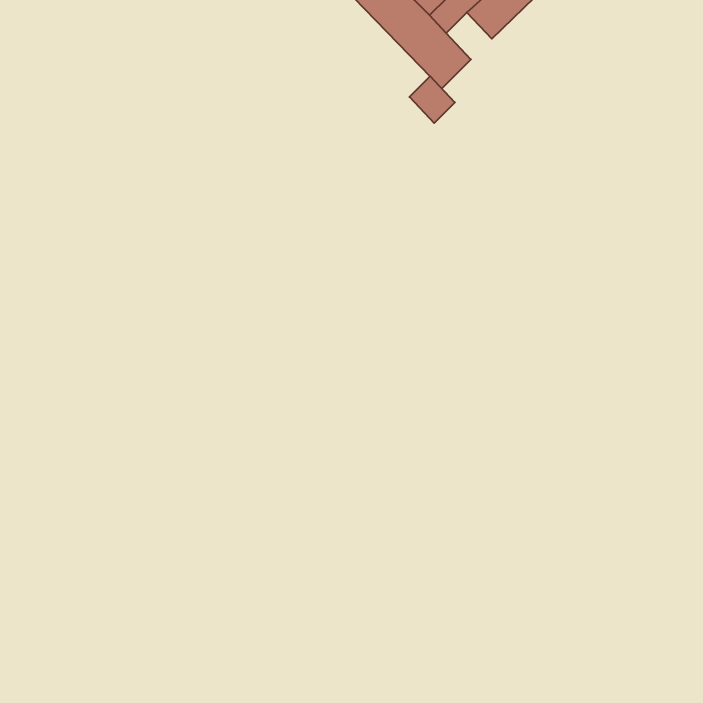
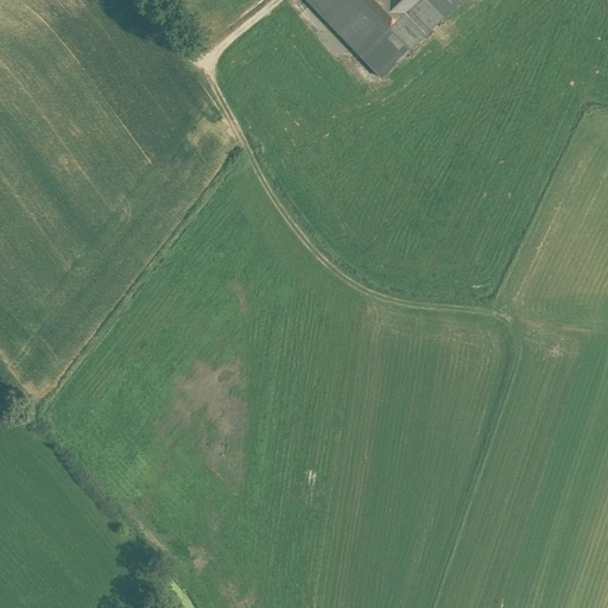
building: [409,76,455,123] -> [384,11,423,51]

